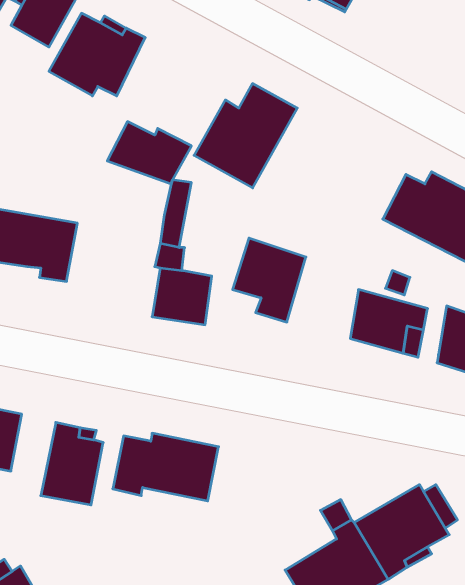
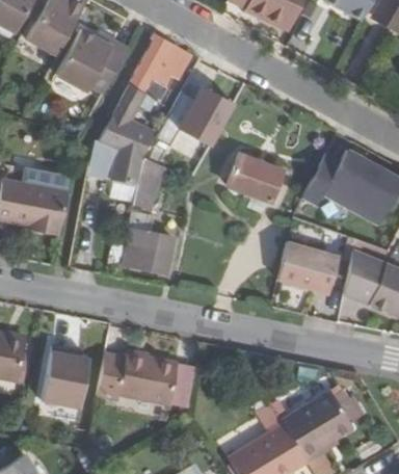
building: none -> [109,36,187,123]
building: none -> [89,142,142,184]
building: [233,238,306,322] -> [225,143,282,208]

